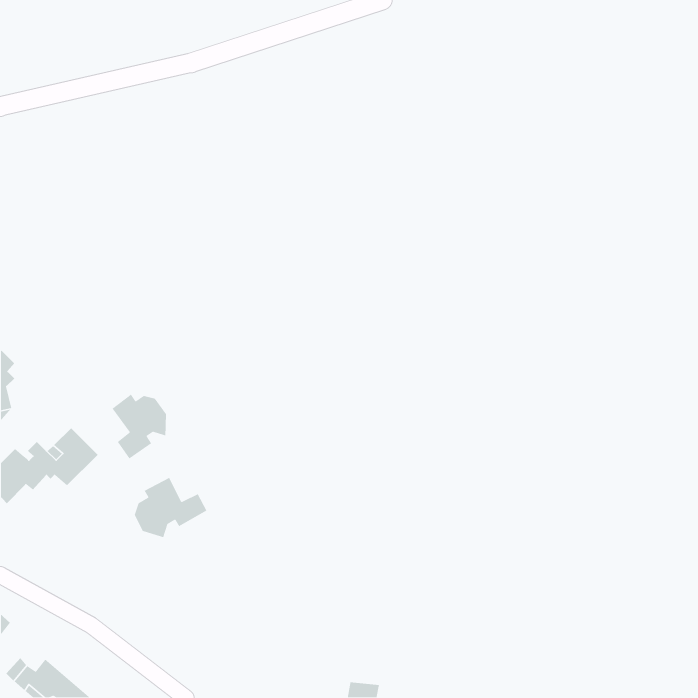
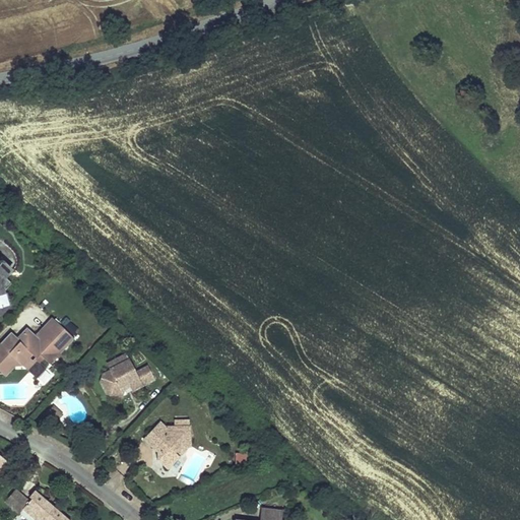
building: [111,393,167,459] -> none
building: none -> [144,420,190,466]

